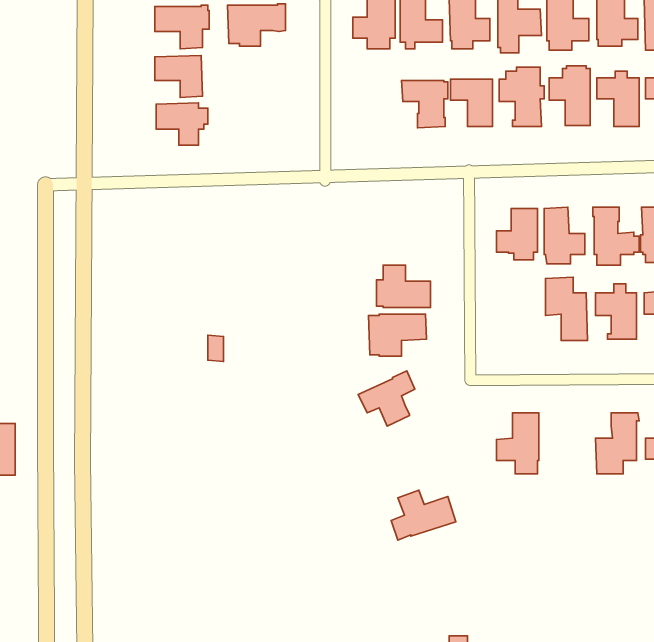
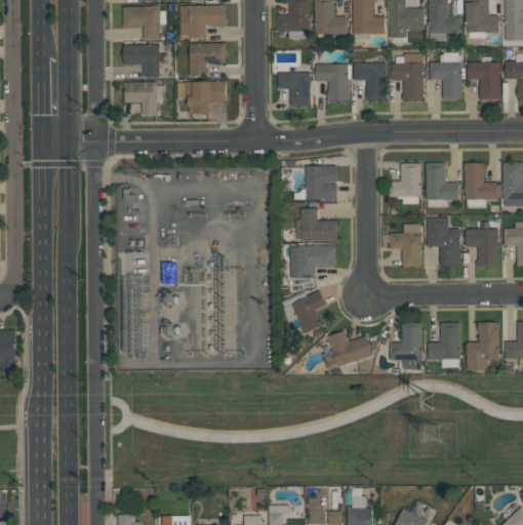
building: none -> [189,43,226,75]
building: none -> [277,72,310,106]
building: none -> [177,81,226,114]
building: none -> [293,166,336,199]
building: none -> [381,224,421,266]
building: none -> [428,322,460,367]
building: [391,490,456,540] -> [322,330,372,369]

